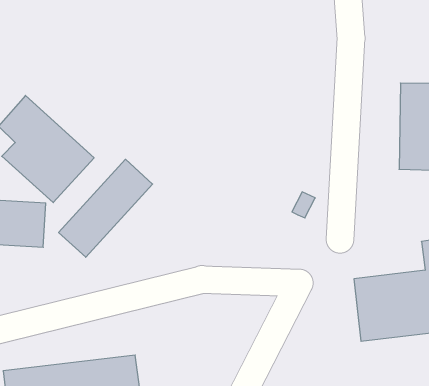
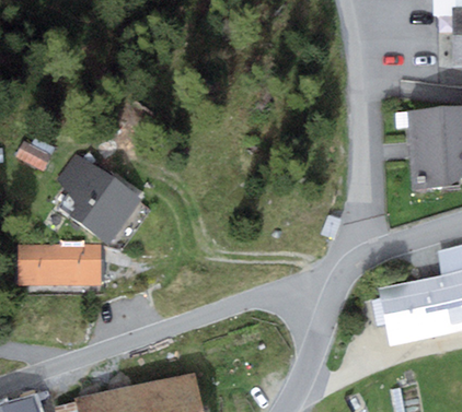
building: [59,159,153,257] -> none

